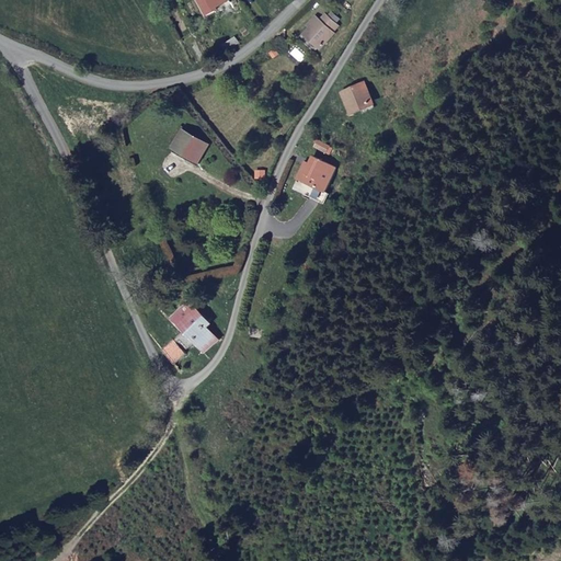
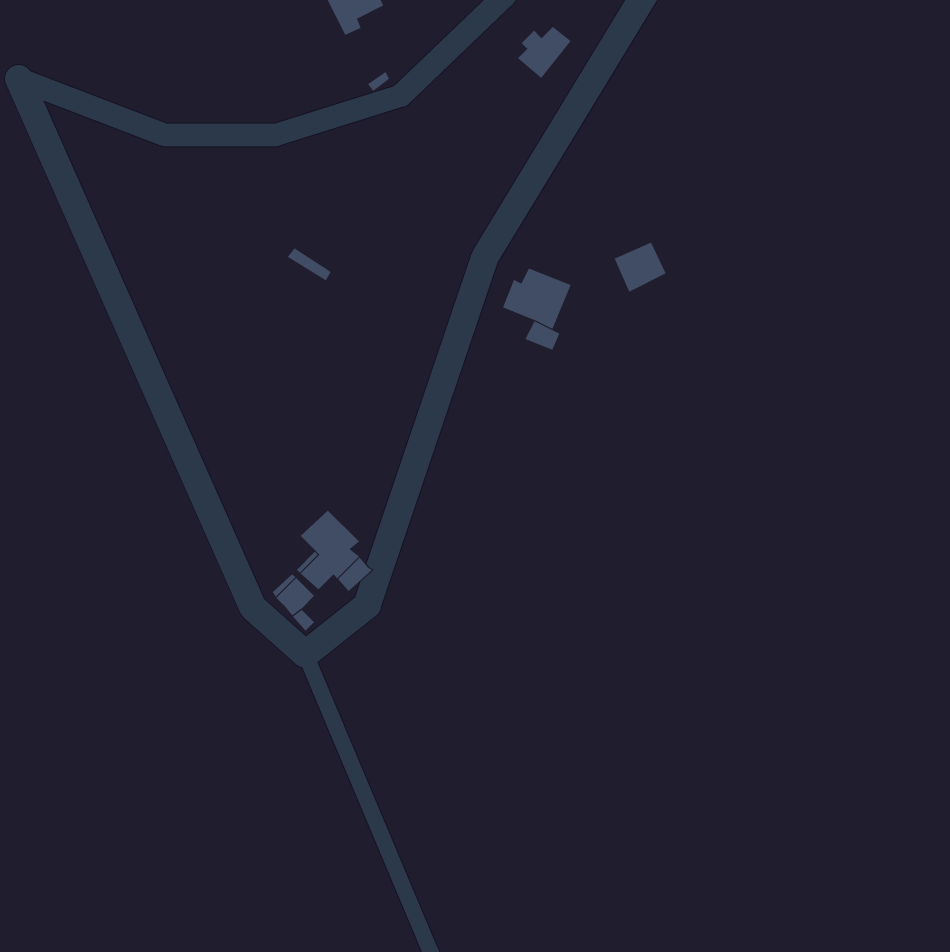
building: [345,83,376,113] -> [614,242,666,292]
building: [172,130,201,159] -> none

